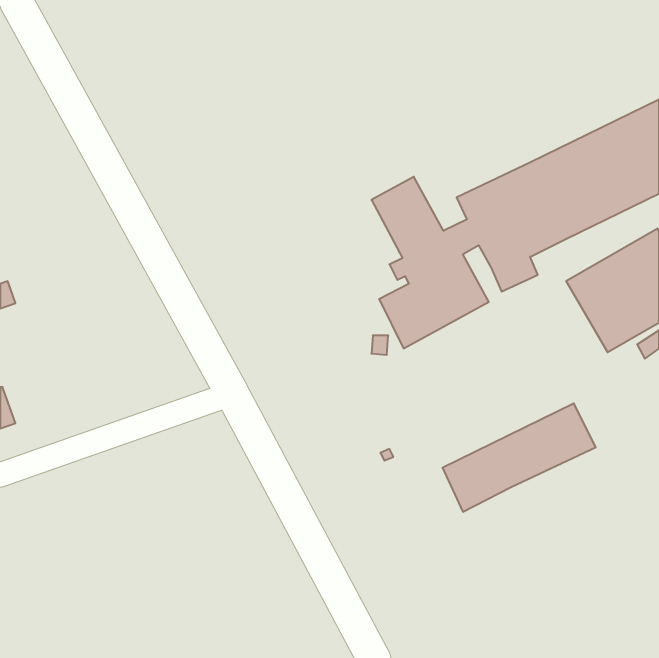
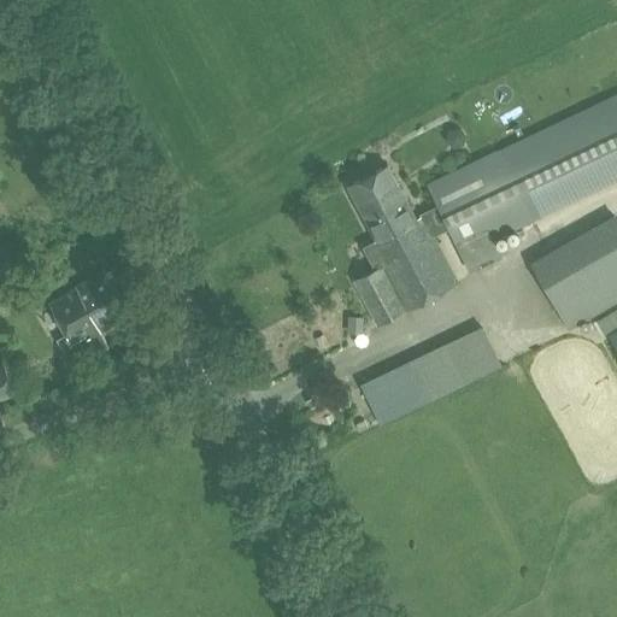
building: none -> [52,271,130,366]
building: [442,403,596,512] -> [359,325,503,427]

